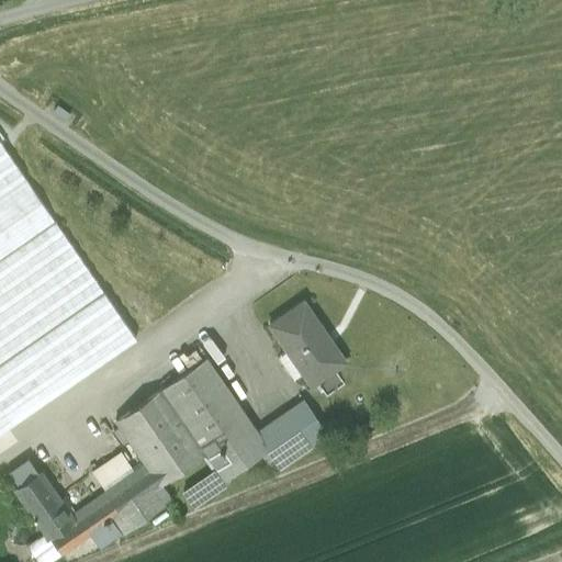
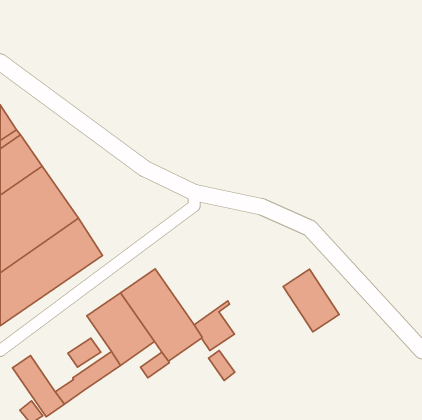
building: [271,303,346,386] -> [283,269,339,332]
building: [291,407,326,447] -> [208,351,235,380]
building: [112,488,171,538] -> none

